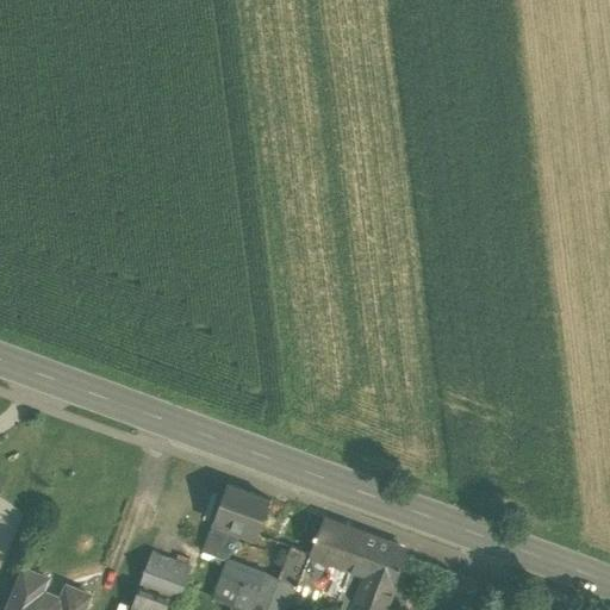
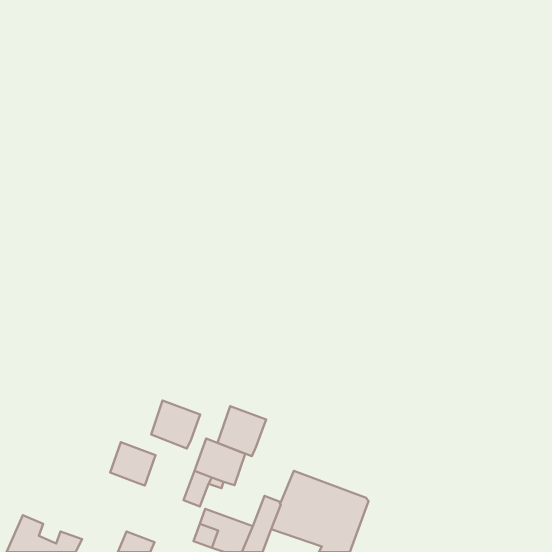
building: none -> [151,401,200,448]
building: none -> [218,406,266,456]
building: [139,553,189,600] -> [110,442,156,485]

